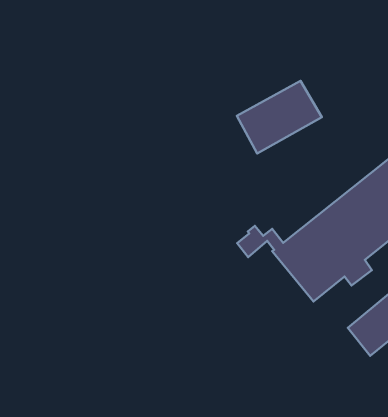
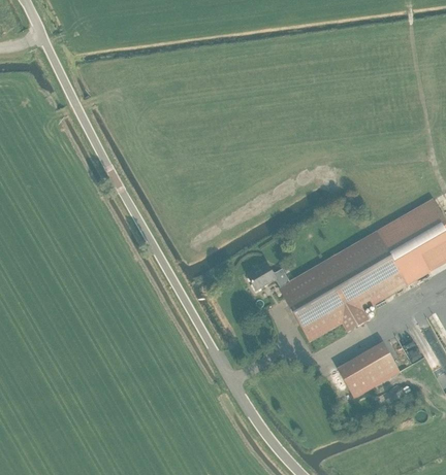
building: [237,81,322,153] -> none

